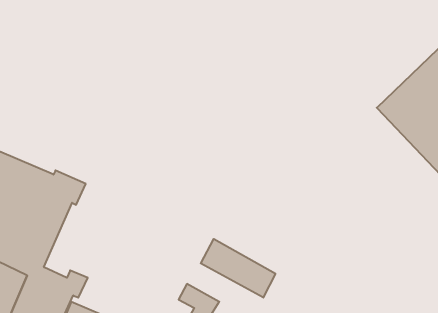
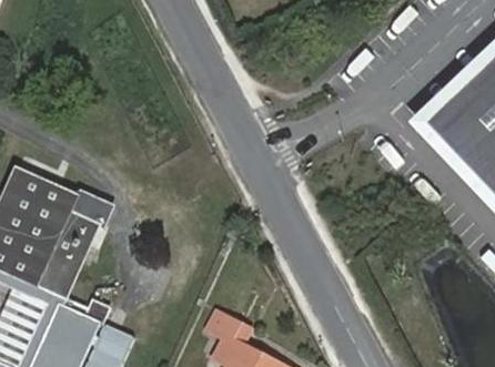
building: [201,239,275,298] -> none

